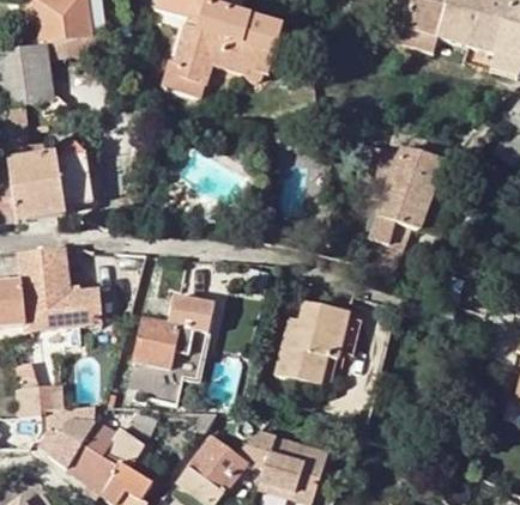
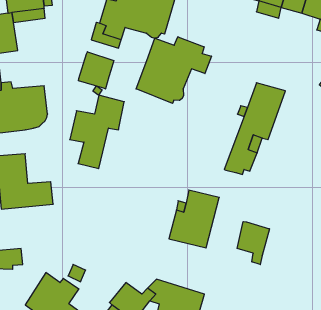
building: none -> [136,37,211,103]
building: none -> [78,52,114,89]
building: [133,296,212,402] -> [70,95,124,169]
building: none -> [237,222,269,265]
building: [37,419,96,467] -> none

